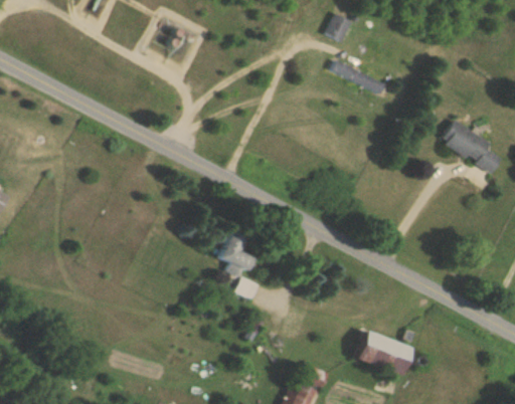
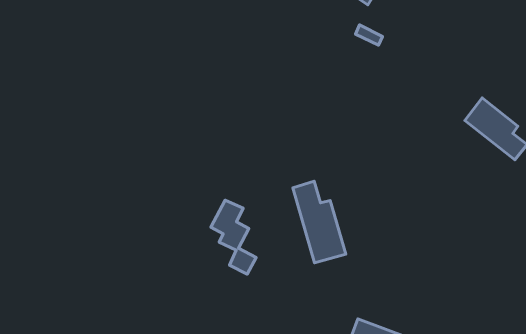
building: none -> [293,181,346,263]

